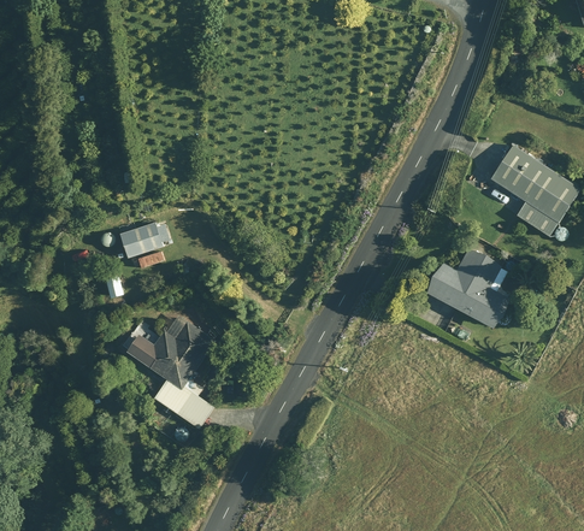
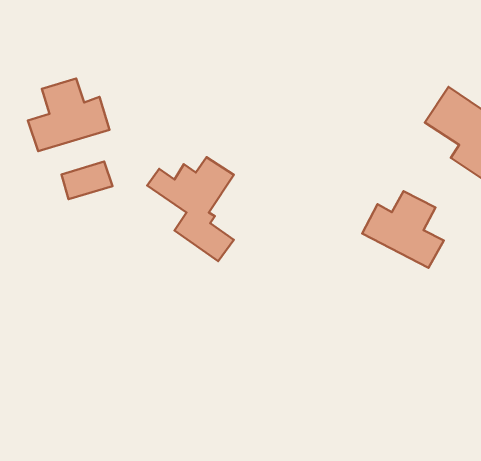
building: none -> [28,79,109,151]
building: [126,323,214,429] -> [147,157,234,261]

